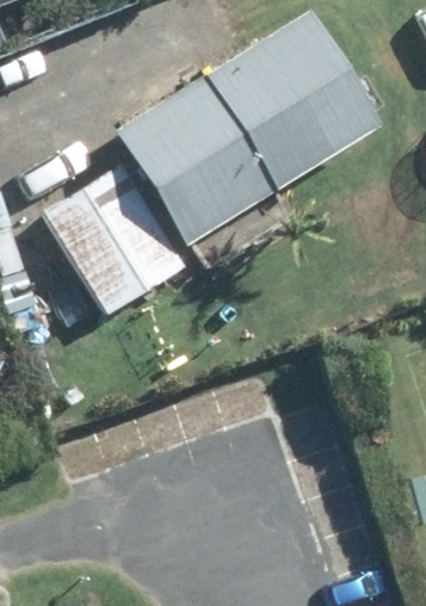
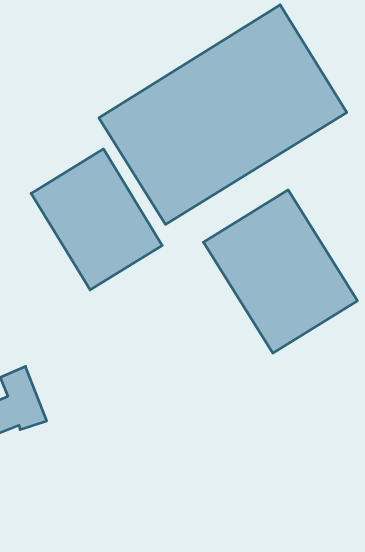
building: none -> [203,190,357,353]

